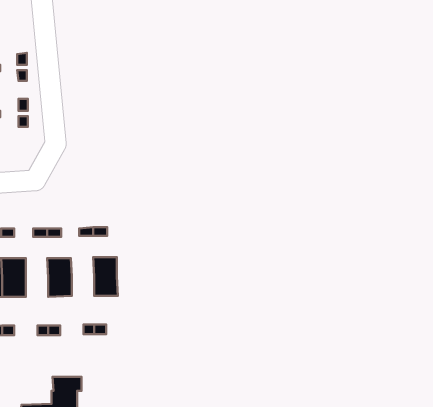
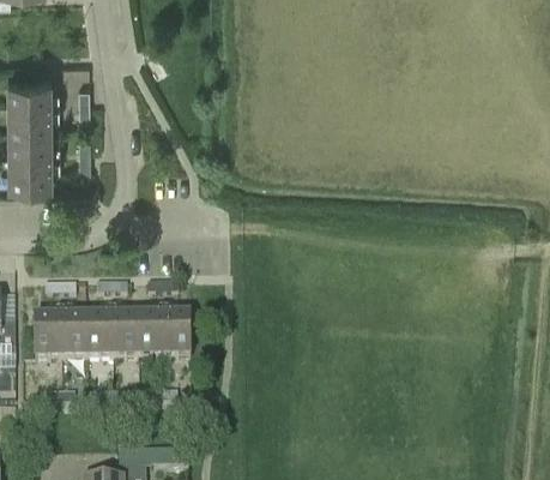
building: none -> [138,311,164,354]
building: none -> [87,312,113,355]

